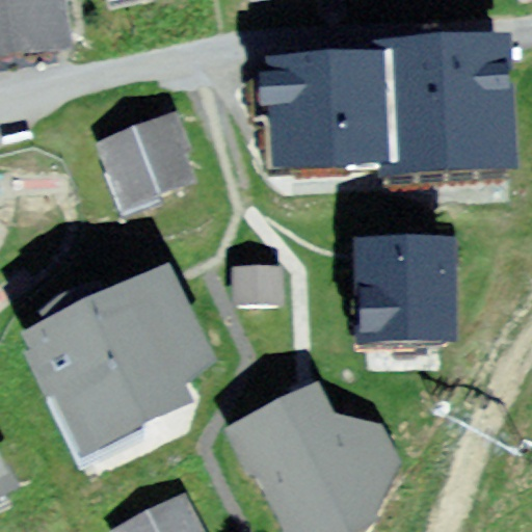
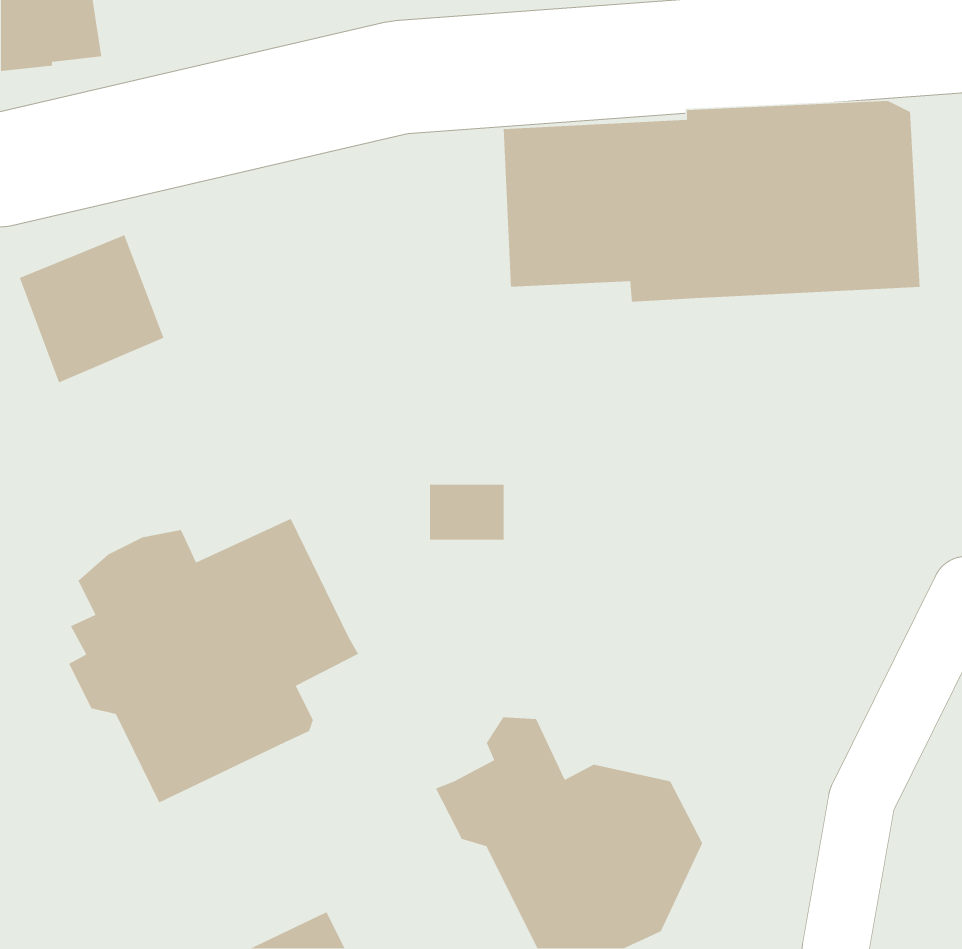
building: [107,117,187,200] -> [19,234,164,383]
building: [368,236,458,346] -> none

